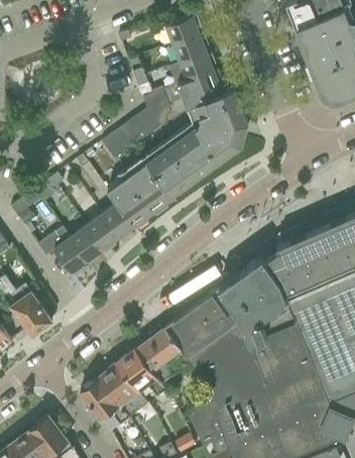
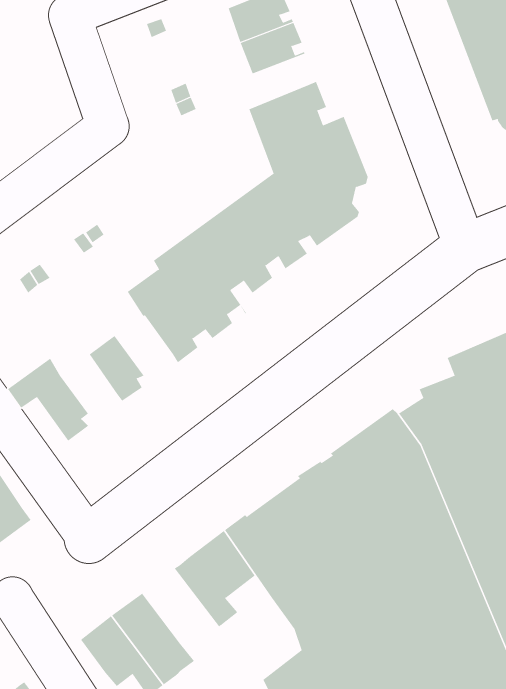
building: [168,51,216,85] -> none
building: [101,90,168,160] -> none
building: [100,204,133,242] -> none
building: [69,226,101,265] -> none
building: [116,350,165,395] -> none

